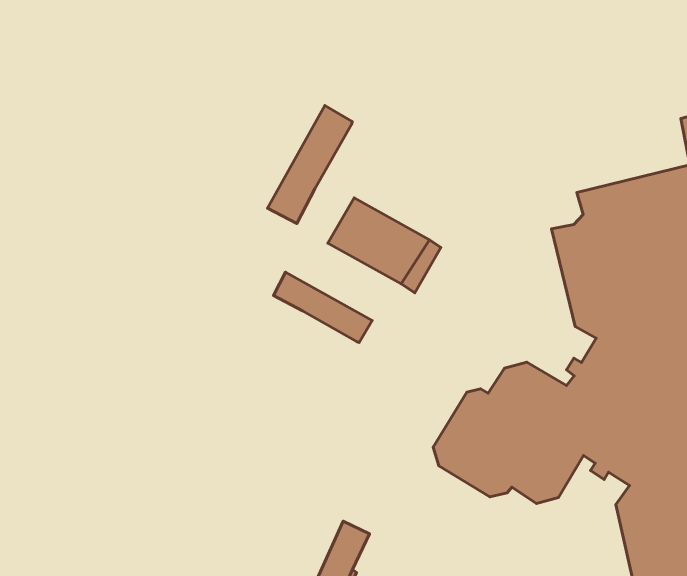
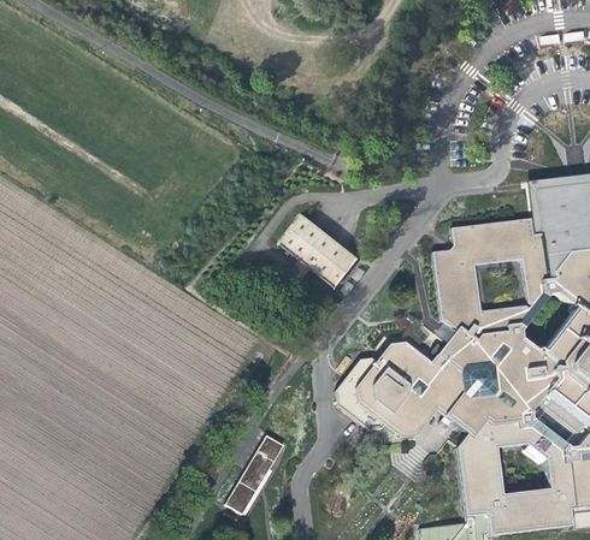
building: [268,105,352,223] -> none
building: [273,272,372,342] -> none

